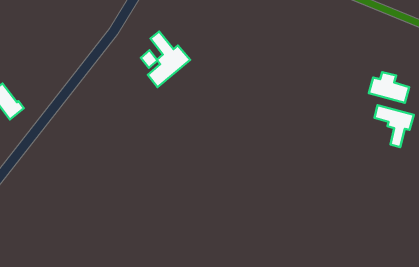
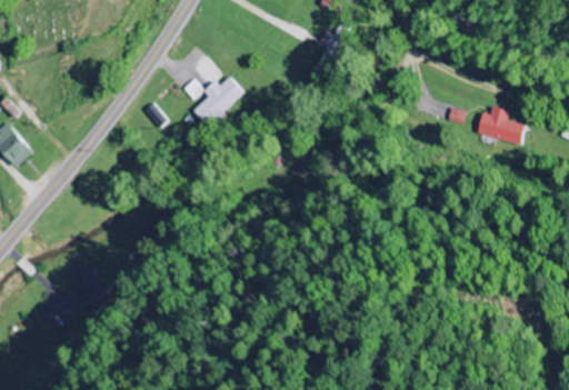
building: [375,105,414,147] -> none

